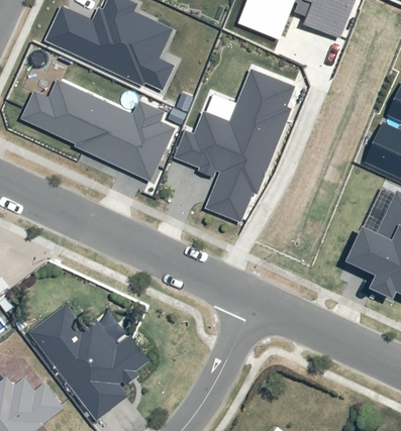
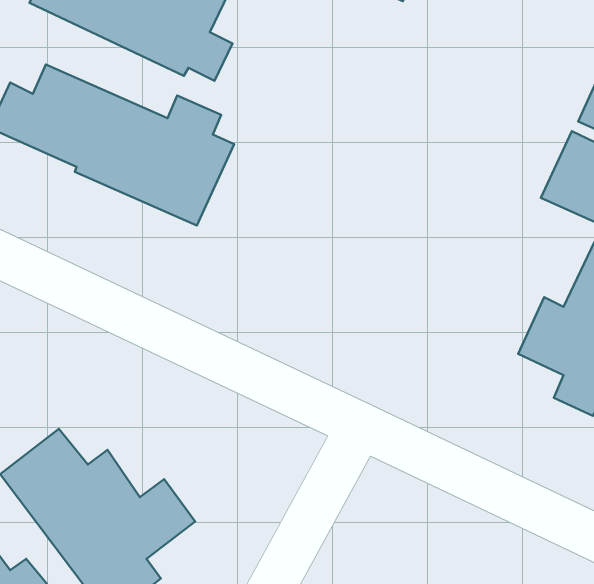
building: [174,69,295,218] -> none

